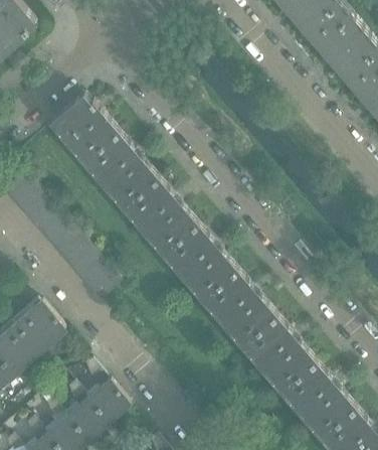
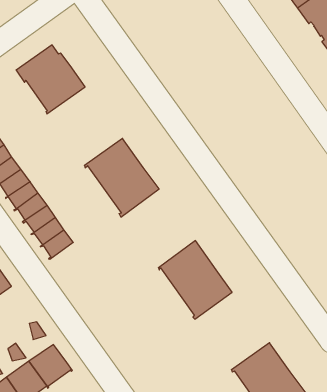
building: [82,135,157,210] -> none
building: [162,227,235,302] -> none
building: [241,319,315,394] -> none

